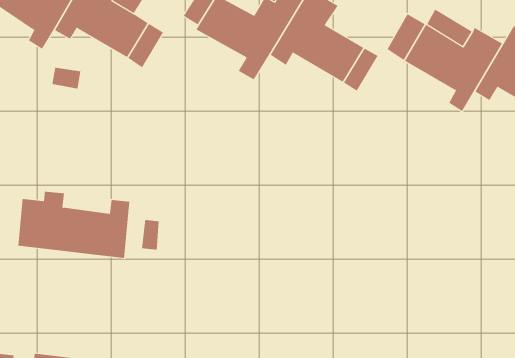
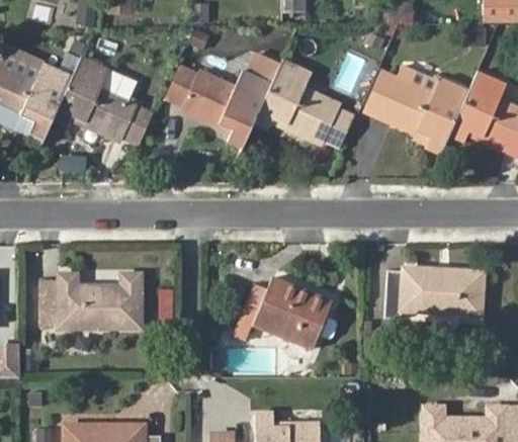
building: none -> [233,277,333,350]
building: none -> [384,271,485,324]

